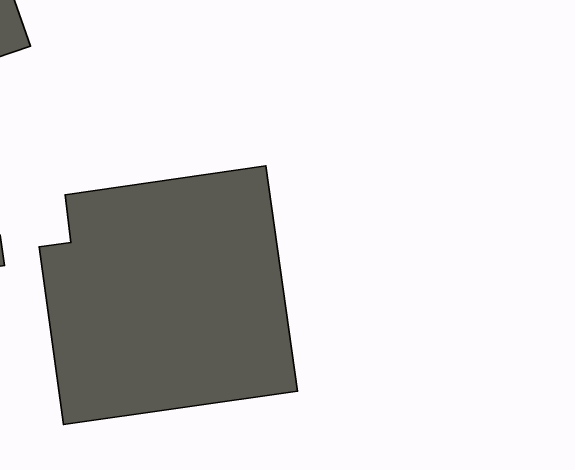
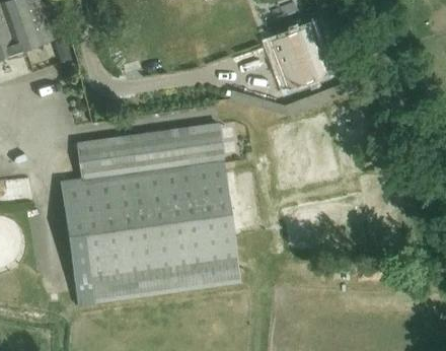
building: none -> [274,24,331,87]

